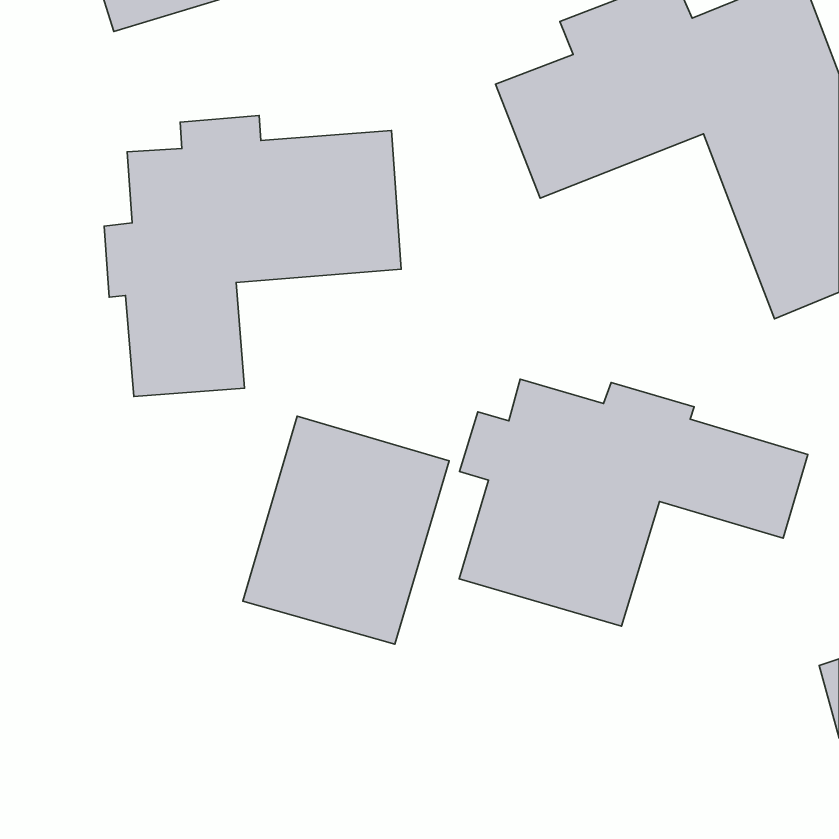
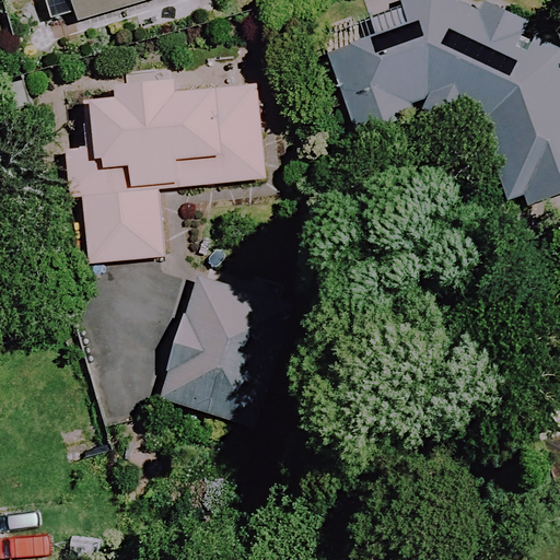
building: [459,379,808,626] -> none

